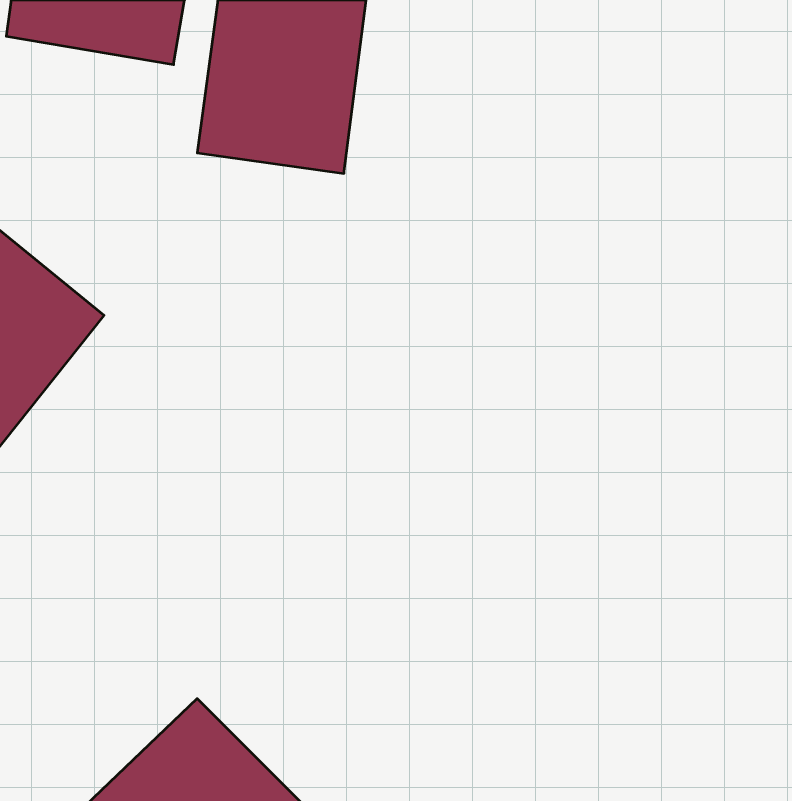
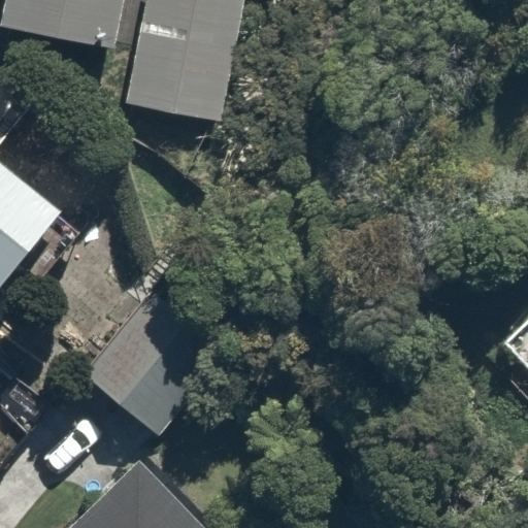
building: none -> [71,287,217,431]

